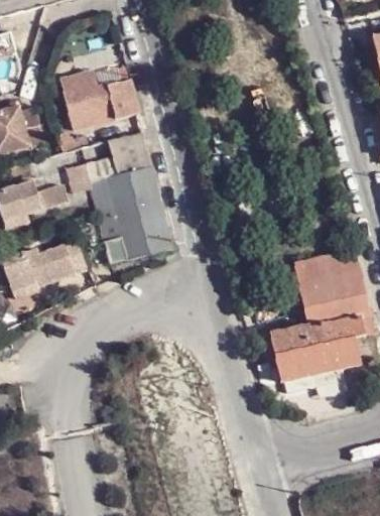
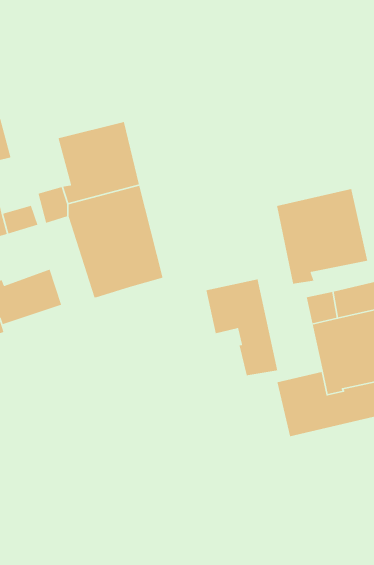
building: [64,69,139,128] -> none
building: none -> [276,188,368,284]
building: none -> [205,278,278,376]

